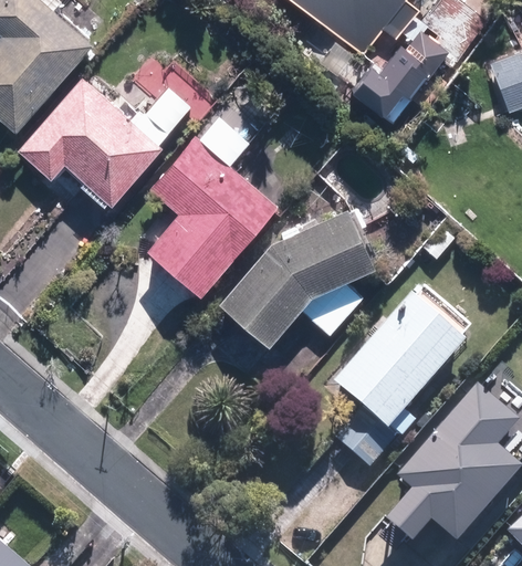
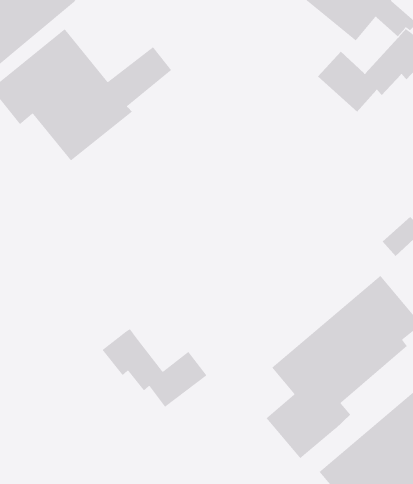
building: [143,117,276,300] -> none
building: [217,209,372,349] -> none
building: none -> [101,328,207,408]

